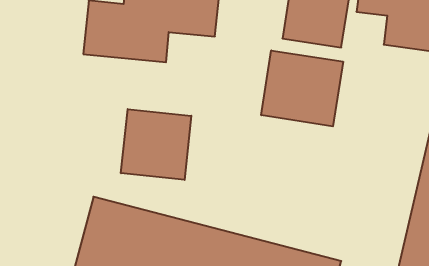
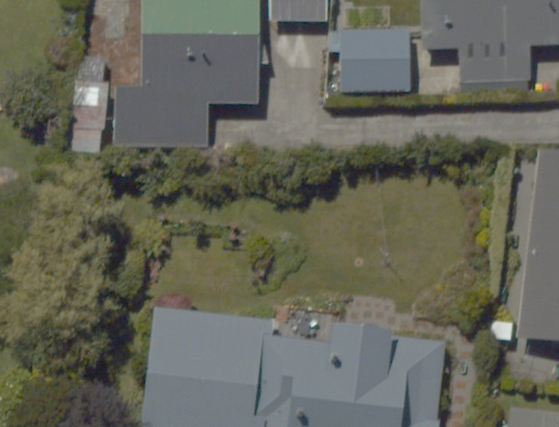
building: [261,50,343,126] -> none
building: [121,109,191,180] -> none

